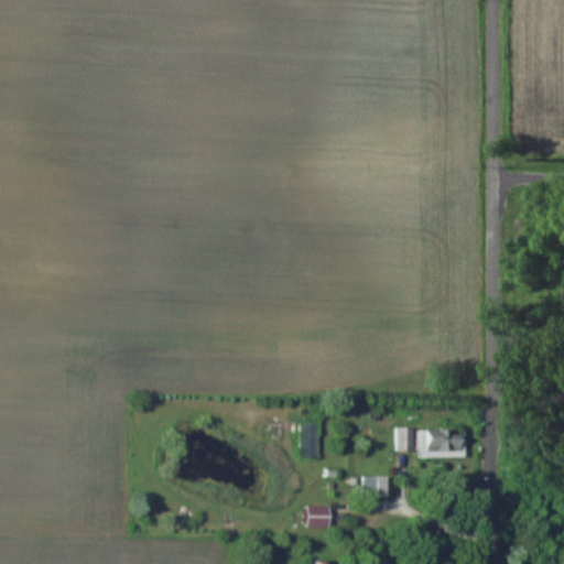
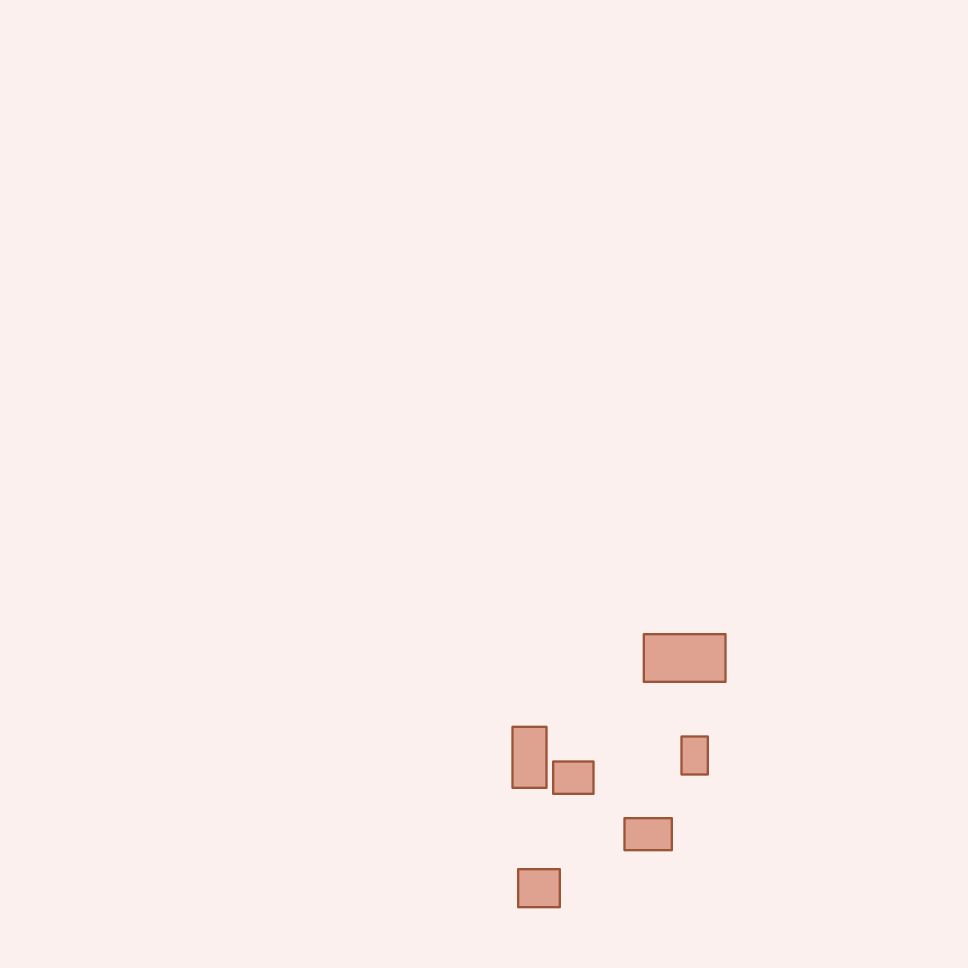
building: [417,431,465,458] -> [644,634,725,682]
building: none -> [553,761,593,794]

